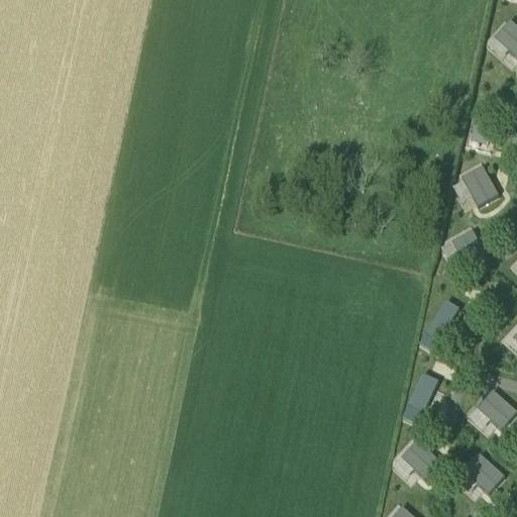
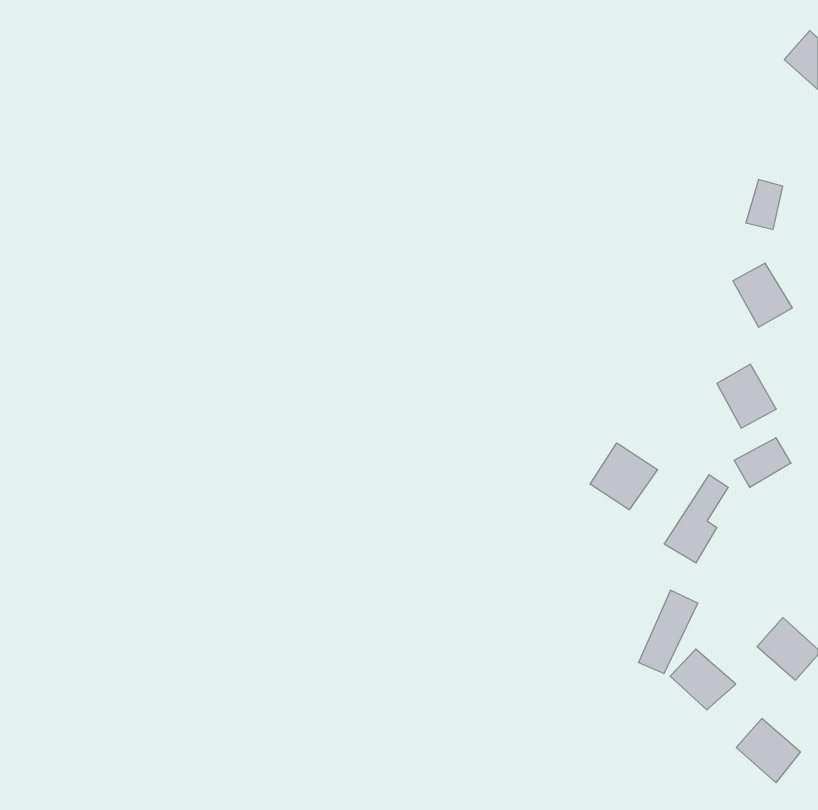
building: none -> [734,438,791,488]
building: none -> [590,443,658,510]
building: [401,439,442,478] -> [670,649,736,710]

